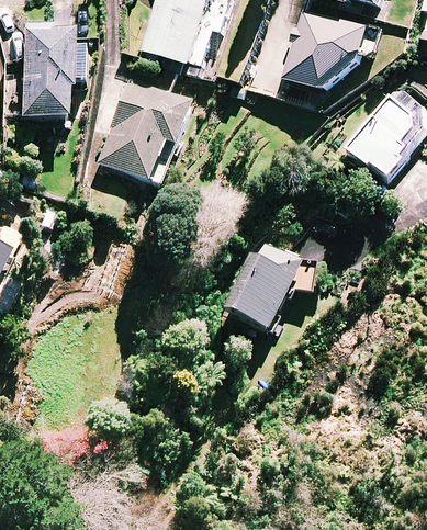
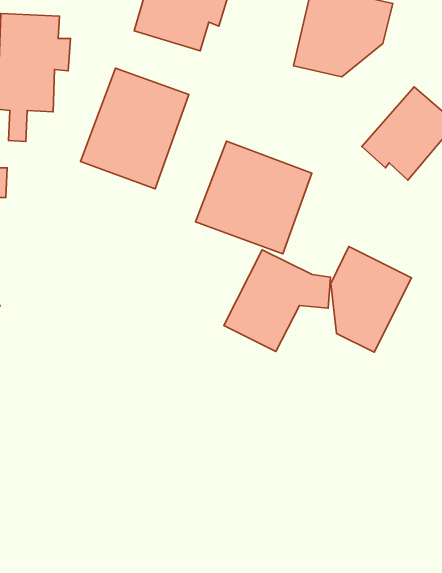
building: none -> [195,141,312,254]
building: none -> [331,247,411,352]

